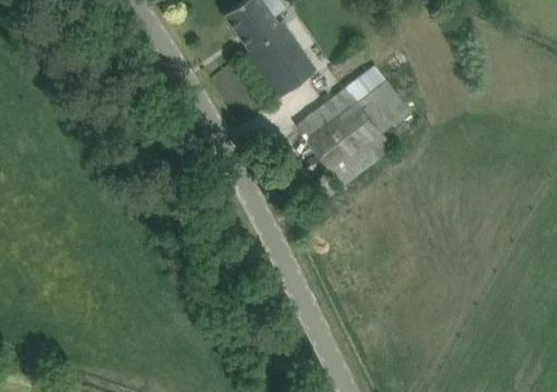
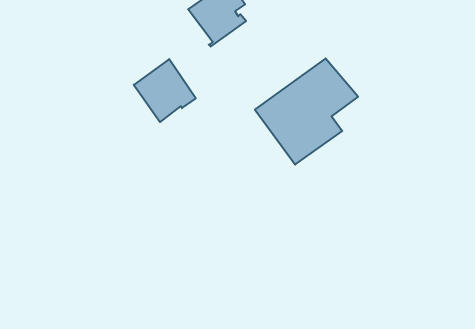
building: [247,27,315,97] -> [134,59,196,122]

